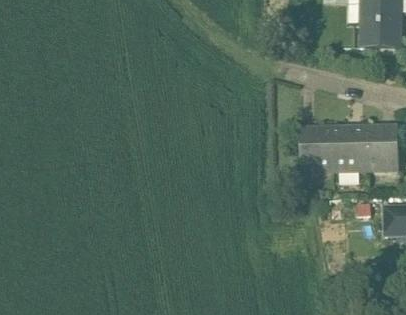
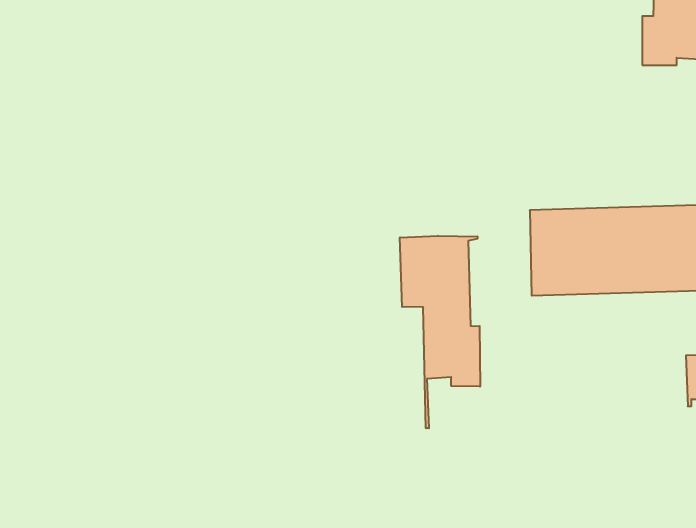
building: none -> [400,236,480,428]

